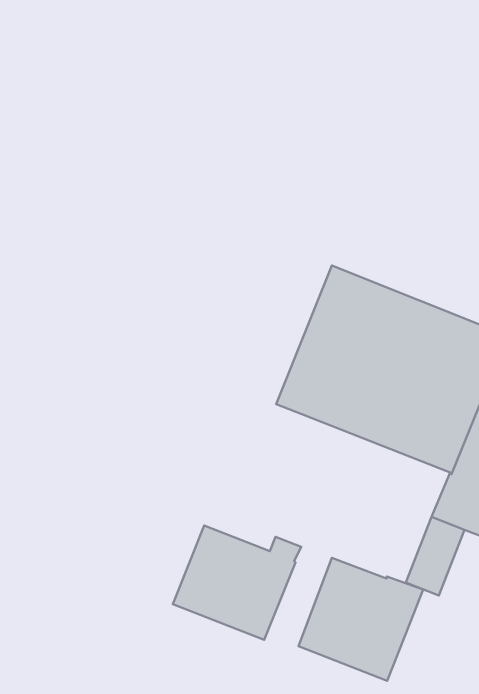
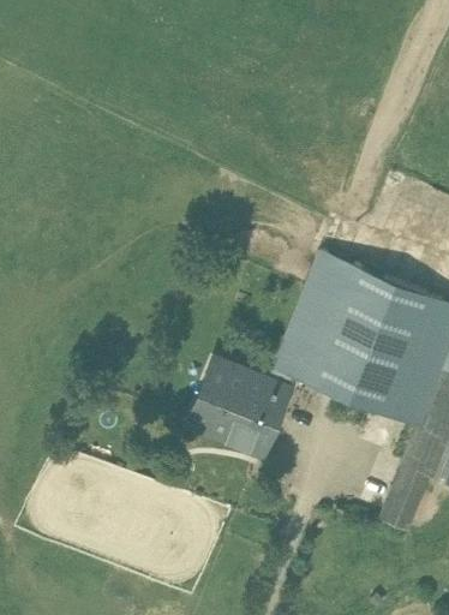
building: [173,525,301,640] -> [186,359,294,455]
building: [299,558,423,681] -> none

